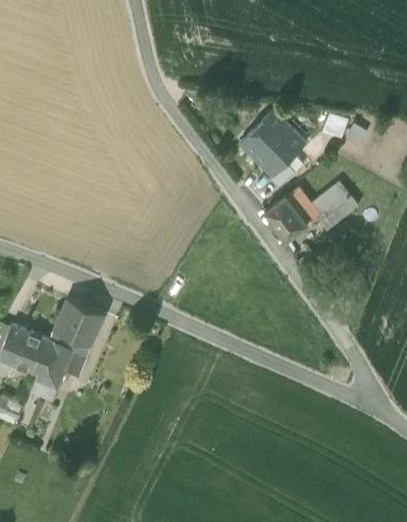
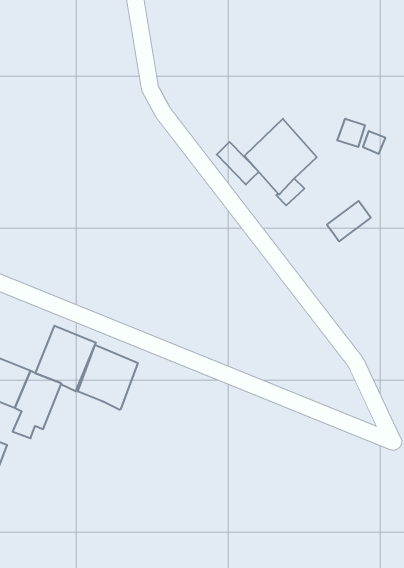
building: none -> [217,142,259,185]
building: [265,188,320,240] -> none
building: none -> [78,345,138,410]

